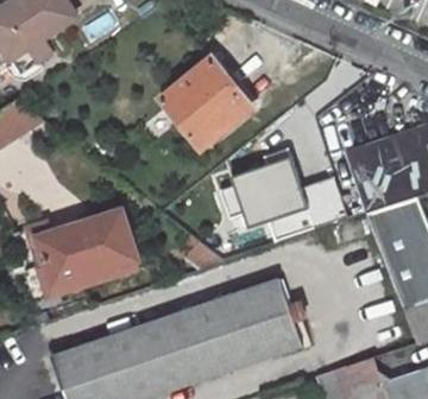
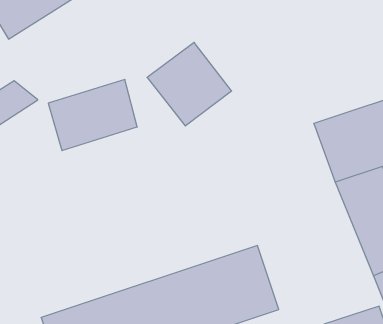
building: [232,158,342,234] -> none
building: [33,217,127,292] -> [48,80,137,151]

